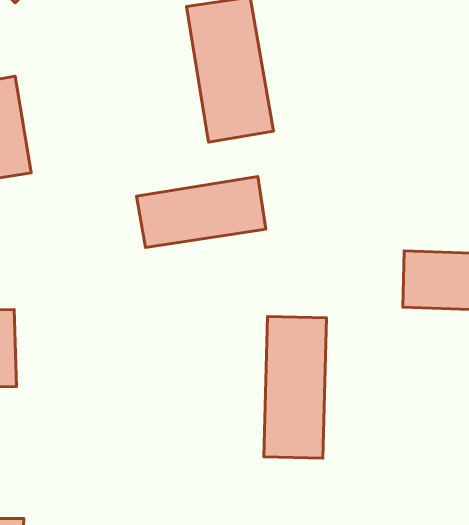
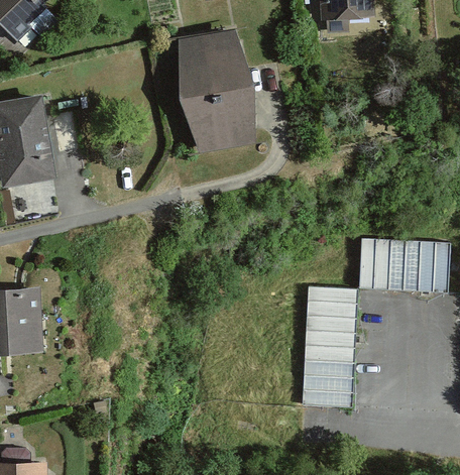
building: [137,176,266,248] -> none
building: [264,316,326,458] -> [304,287,355,404]

